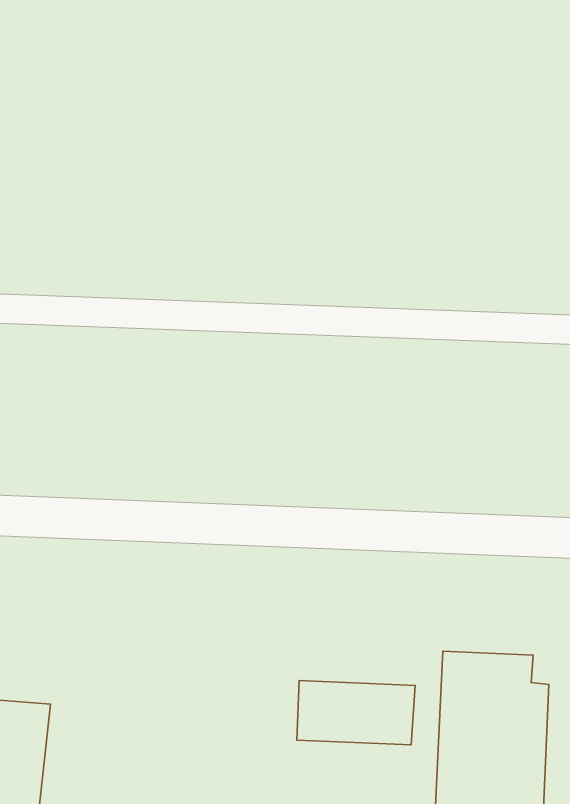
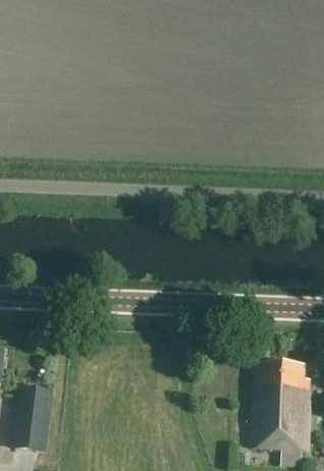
building: [297,680,415,745] -> none

